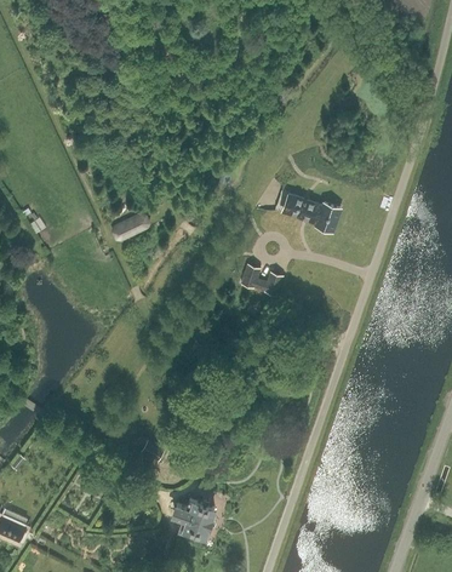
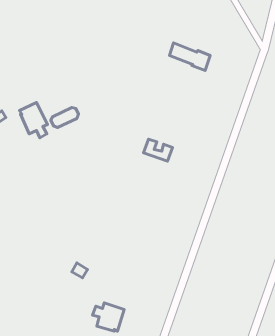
building: [281,193,341,233] -> [169,43,210,70]
building: none -> [19,102,47,138]

